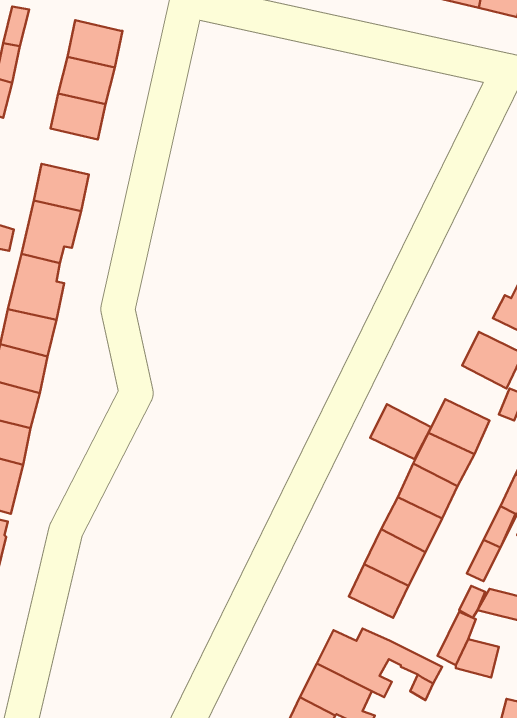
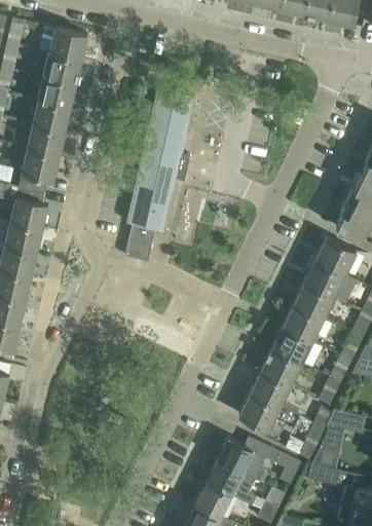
building: none -> [124,88,194,263]
building: none -> [32,102,70,133]
building: [370,404,431,459] -> [303,261,344,298]

